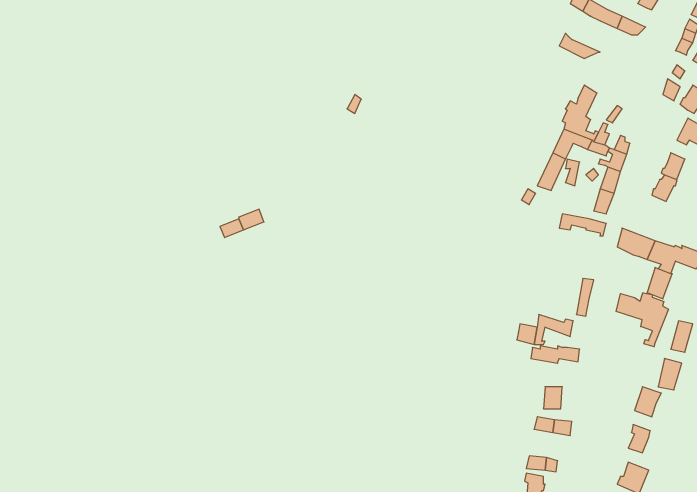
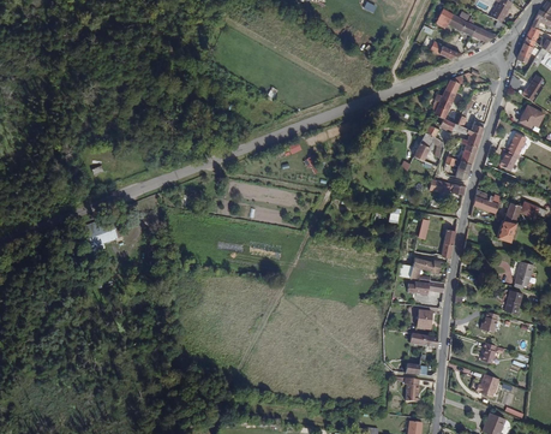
building: [616,293,668,347] -> none

